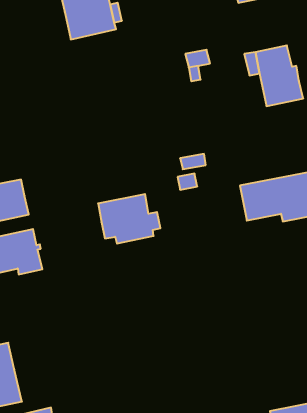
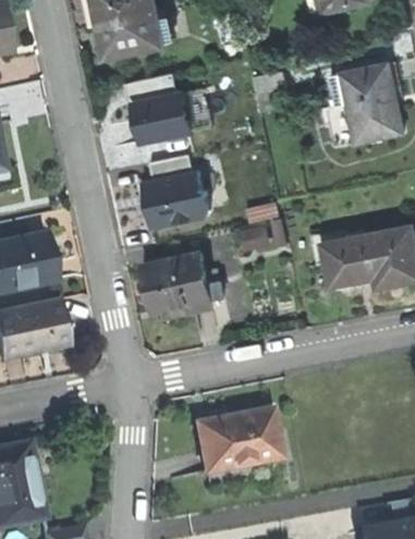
building: none -> [129,72,196,142]
building: none -> [138,155,211,226]
building: none -> [192,408,278,471]

